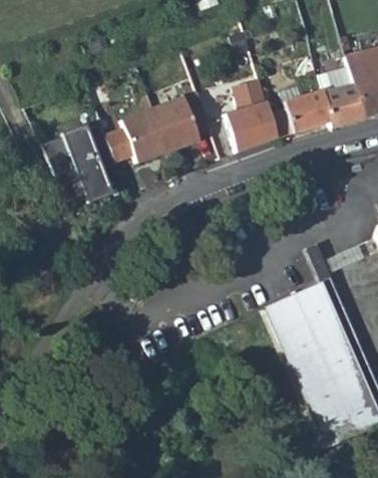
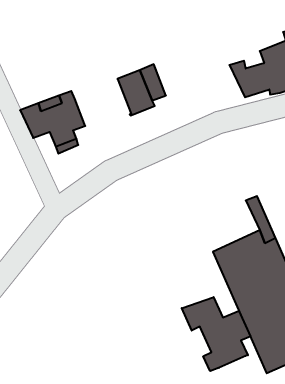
building: [228,76,286,150] -> none
building: [104,109,169,166] -> none
building: none -> [182,297,250,371]

